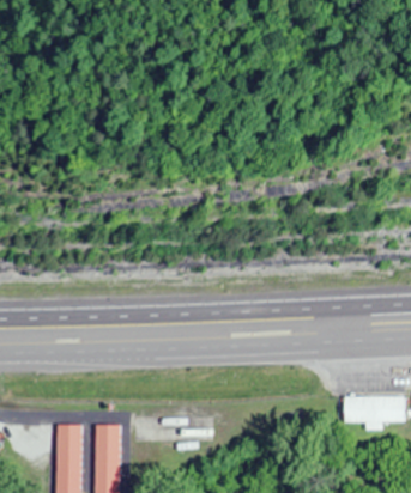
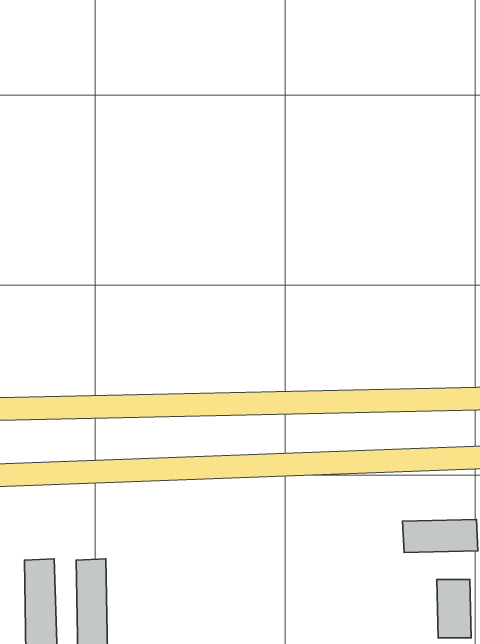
building: none -> [437,580,471,638]

